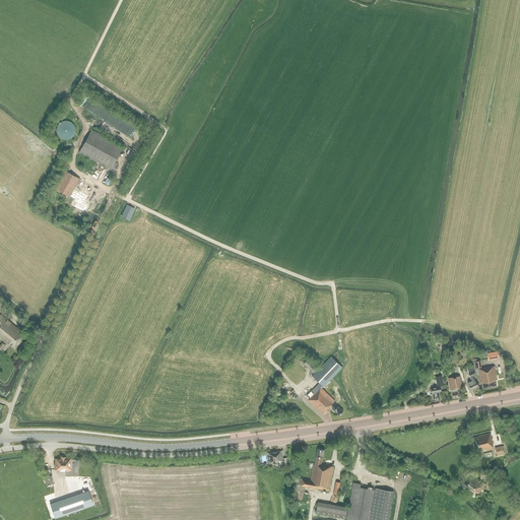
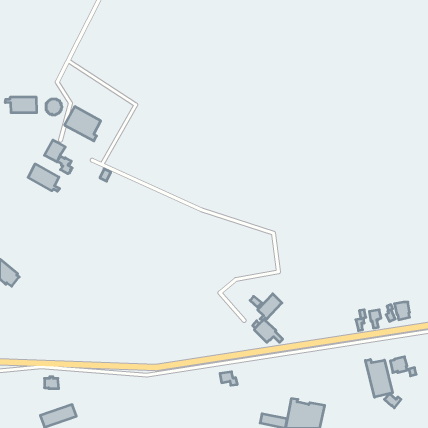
building: none -> [5,97,37,113]
building: none -> [28,164,60,191]
building: none -> [365,359,393,397]
building: [300,447,333,490] -> none

